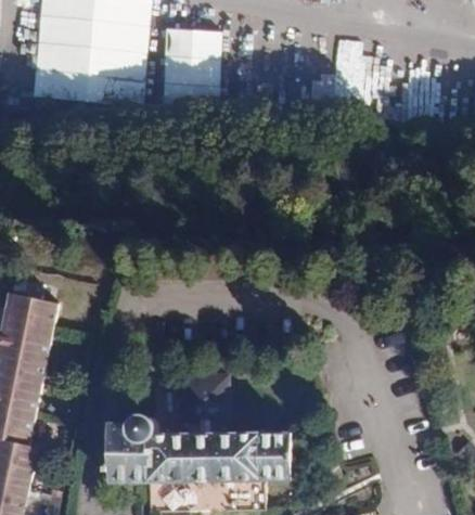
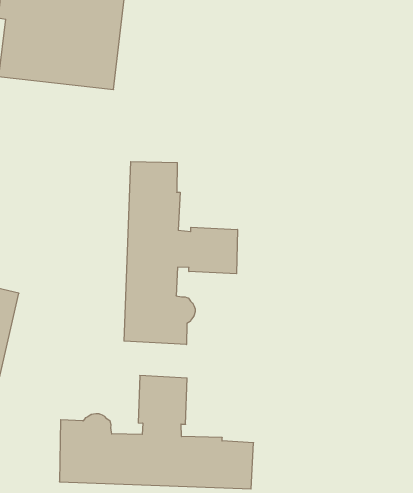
building: [157,26,216,103] -> none
building: none -> [124,162,237,345]

